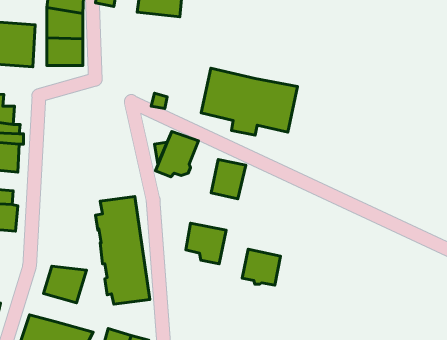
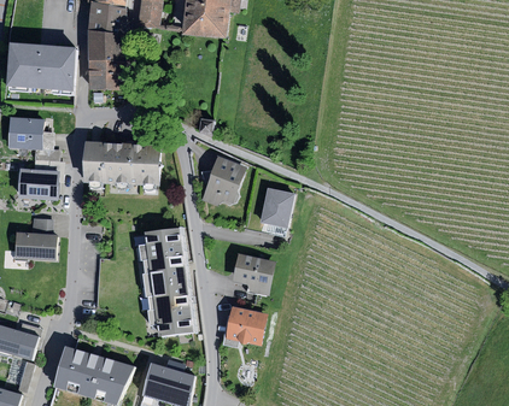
building: [201,68,298,135] -> none
building: none -> [83,141,158,183]
building: [242,249,280,285] -> [226,307,265,345]
building: [43,266,86,303] -> none

